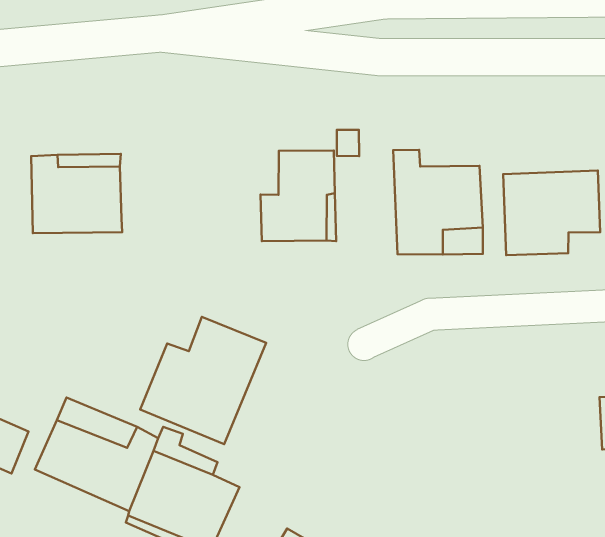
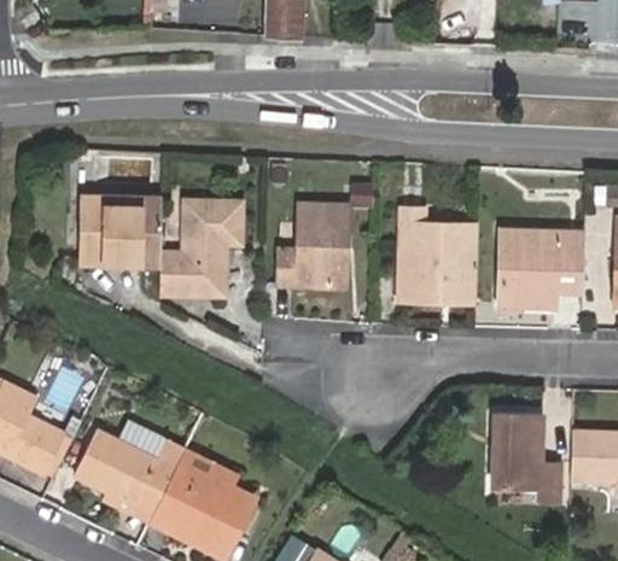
building: none -> [161,208,244,298]
building: [140,317,266,444] -> none
building: none -> [492,417,559,510]

